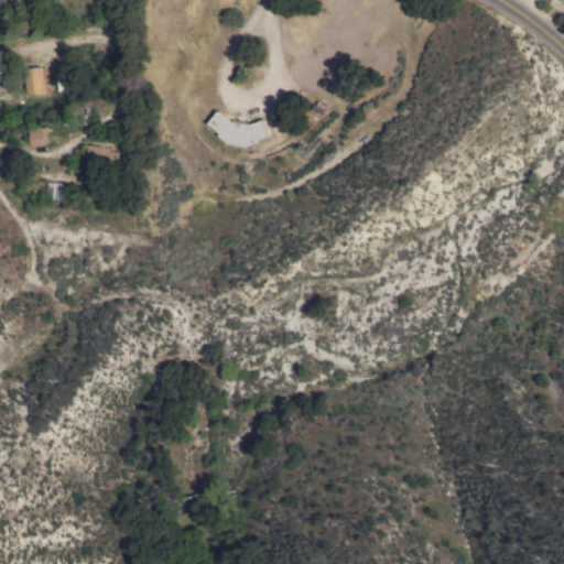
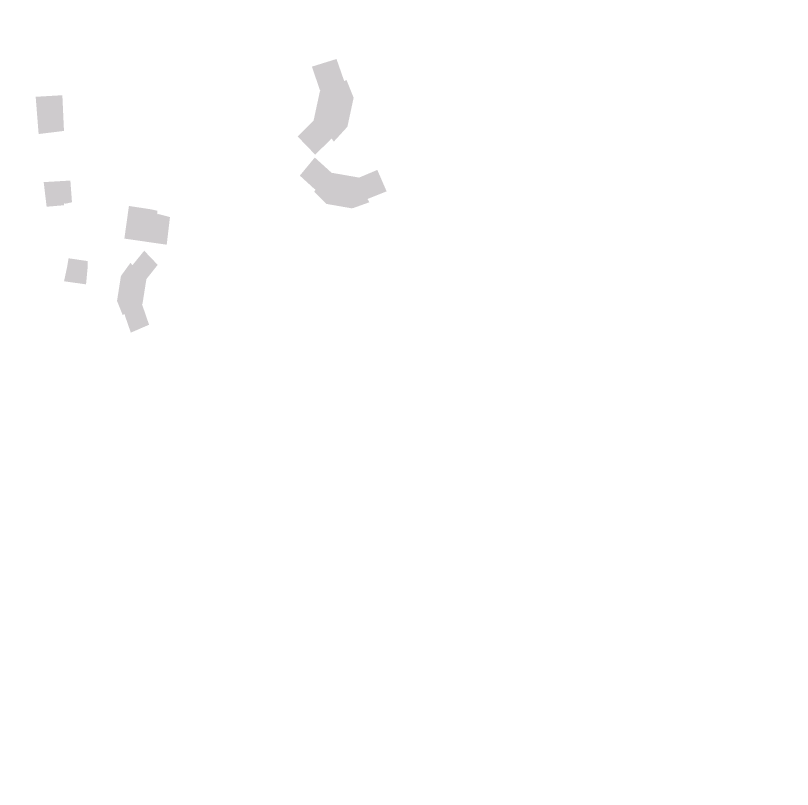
building: none -> [297,58,354,156]
building: none -> [116,250,159,334]

